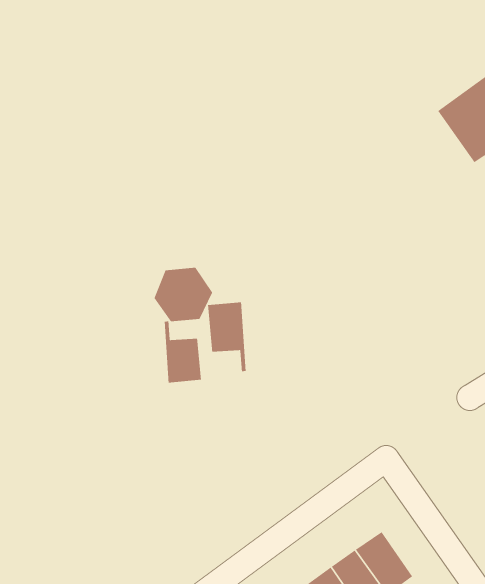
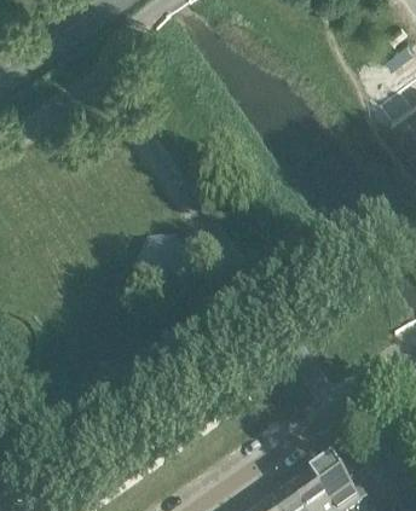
building: [207,301,246,372] -> none
building: [164,321,202,383] -> none

